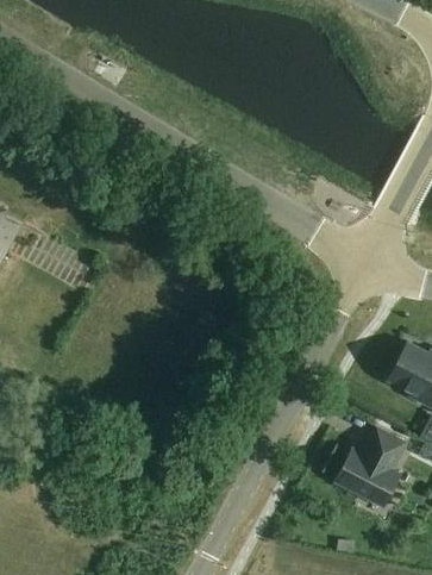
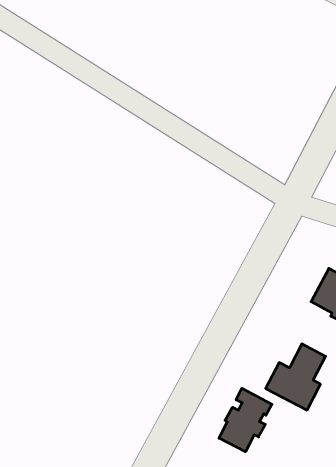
building: none -> [219,388,272,452]

